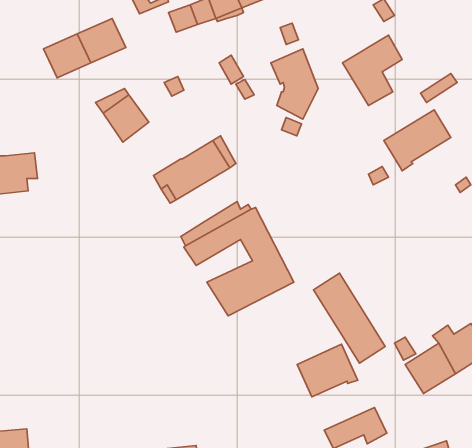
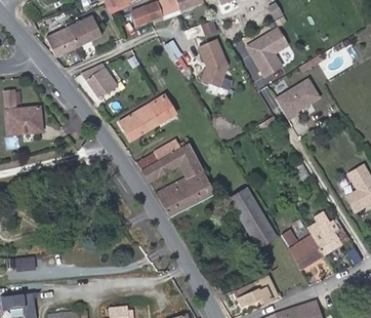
building: [297,344,358,397] -> none

